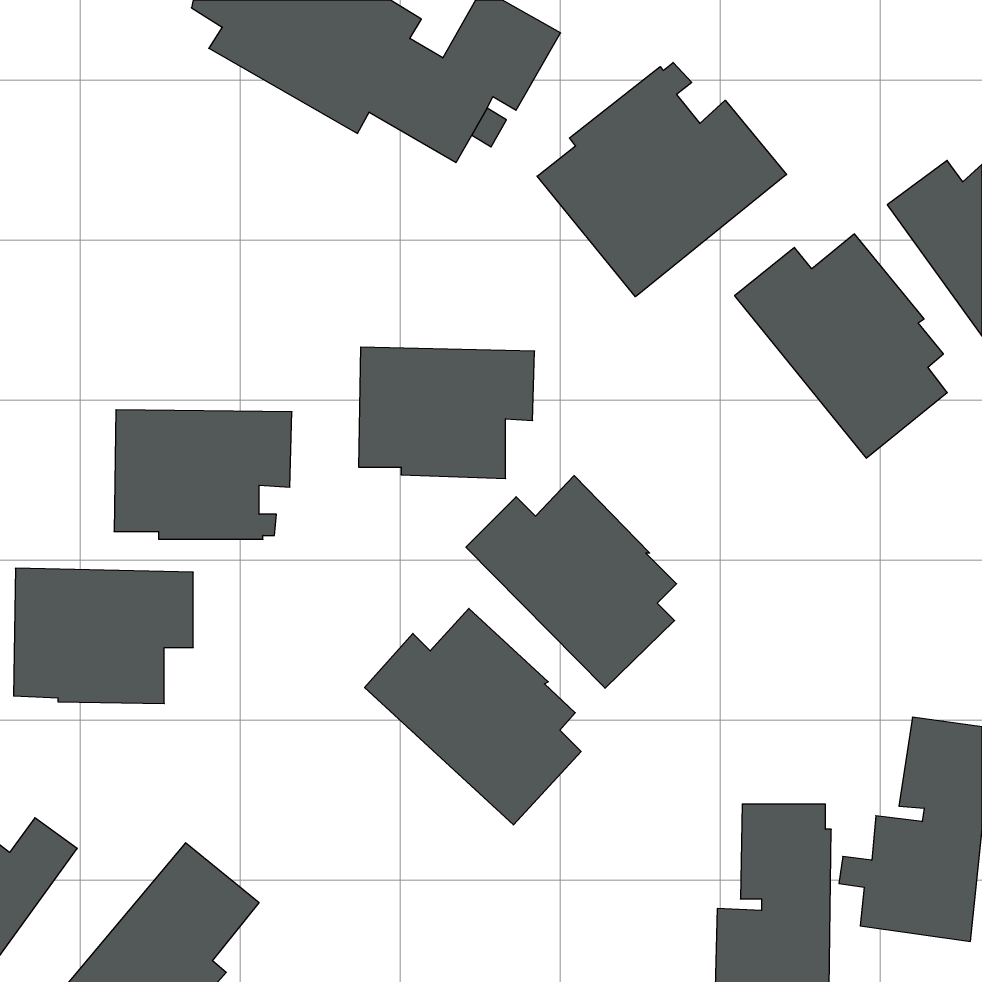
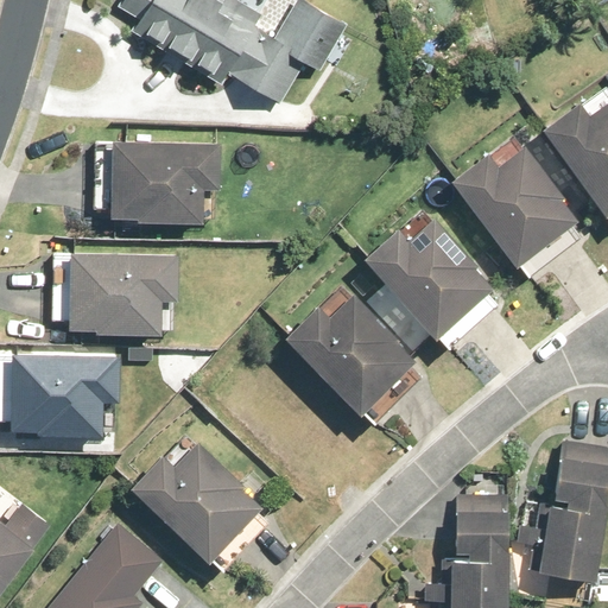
building: [537,62,787,297] -> none
building: [359,347,535,479] -> [112,142,220,223]
building: none -> [363,217,493,350]
building: [365,608,581,825] -> [131,441,264,574]

